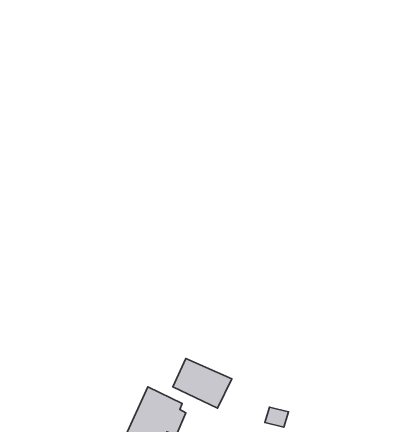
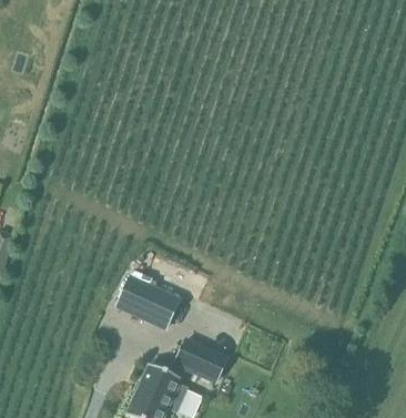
building: none -> [116,275,181,327]

